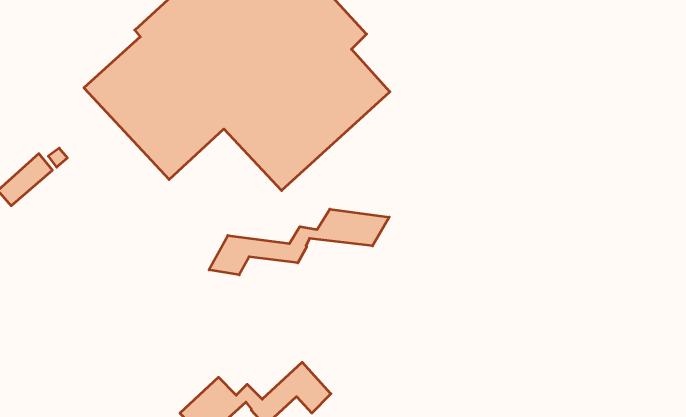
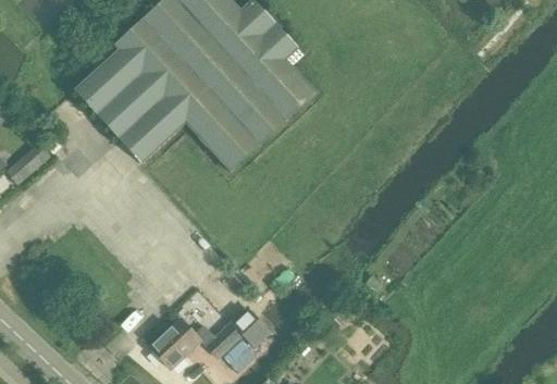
building: [209,209,389,275] -> none

